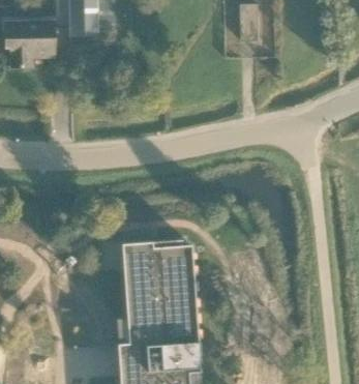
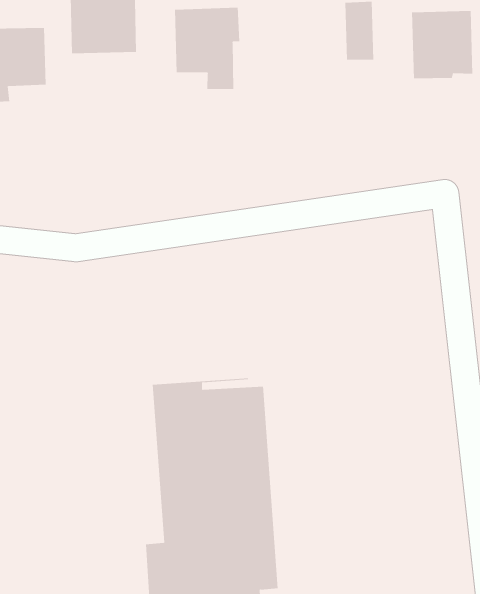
building: none -> [175,7,240,90]
building: none -> [411,10,473,79]

